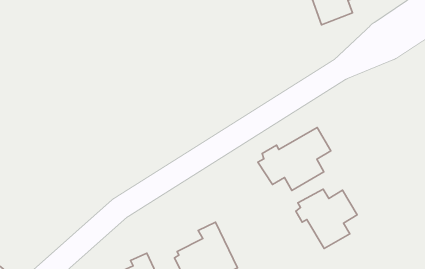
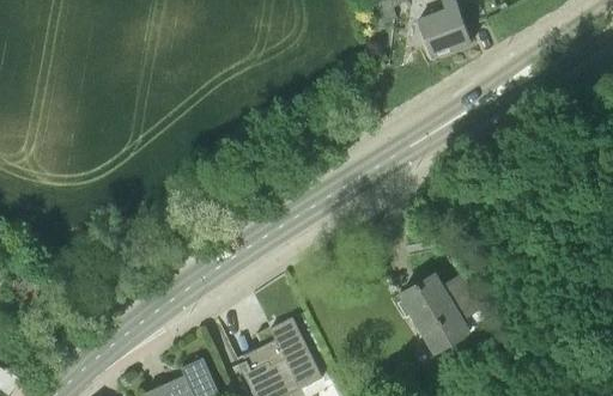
building: [258,127,331,190] -> none

